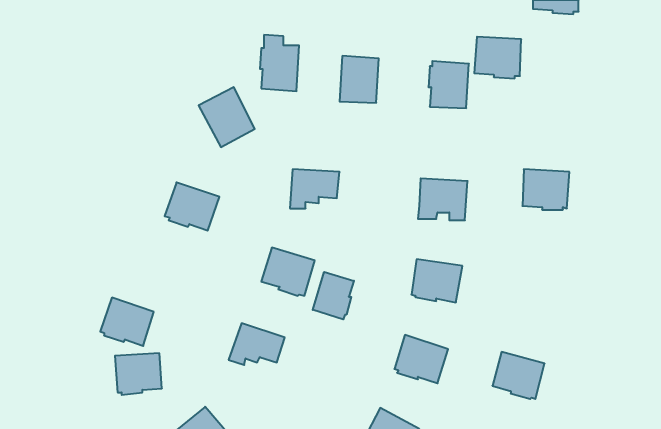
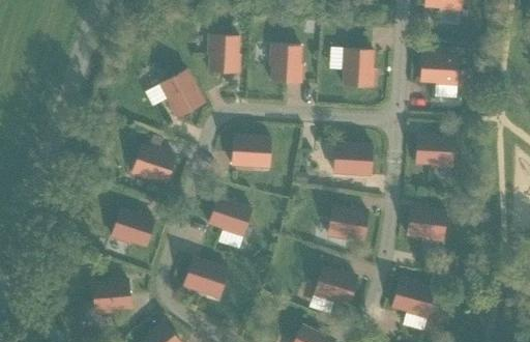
building: [474,37,521,78] -> [420,53,458,86]
building: none -> [407,207,446,241]
building: [313,272,354,319] -> none
building: [100,298,154,346] -> [112,208,154,247]

